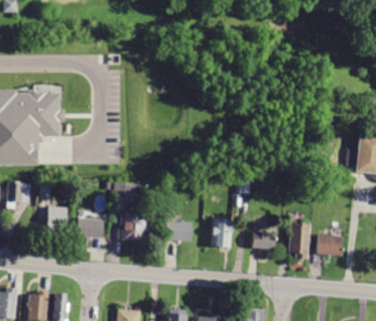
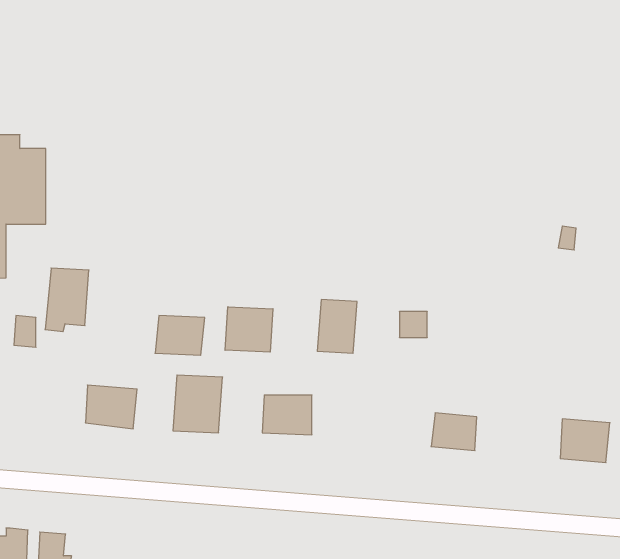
building: none -> [225,307,273,352]
building: [45,205,68,237] -> [45,268,89,332]
building: [212,218,232,246] -> [317,300,357,353]
building: [288,221,310,260] -> none

